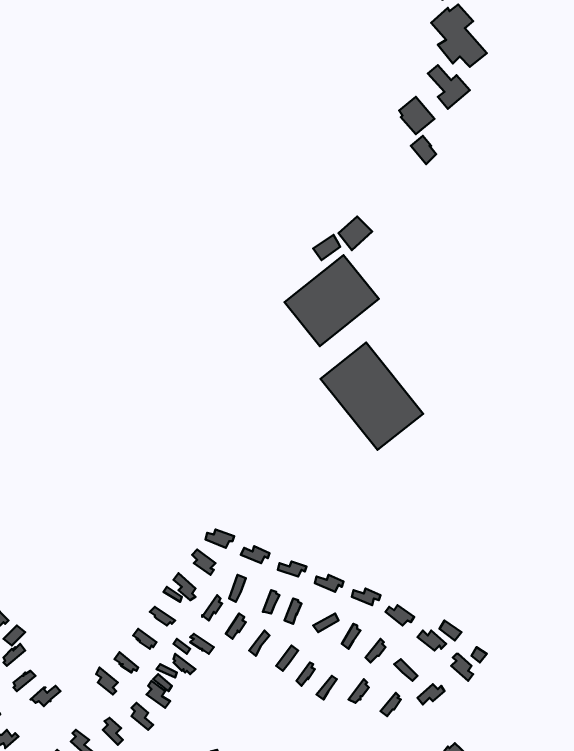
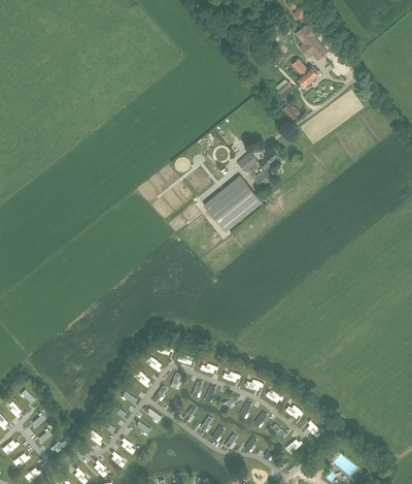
building: none -> [251,151,279,189]
building: [320,343,423,450] -> none

